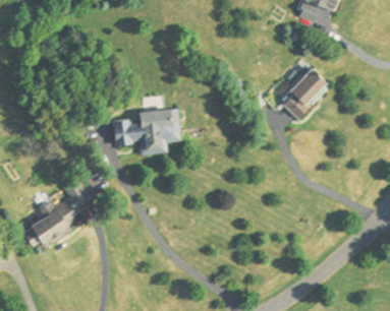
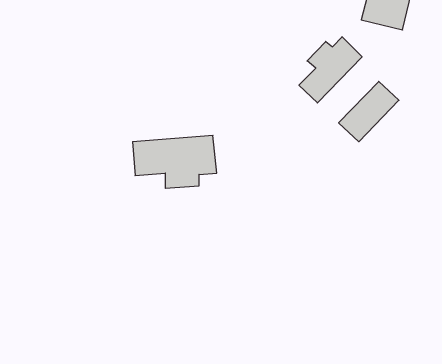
building: none -> [299,37,362,103]
building: [22,199,80,247] -> none

